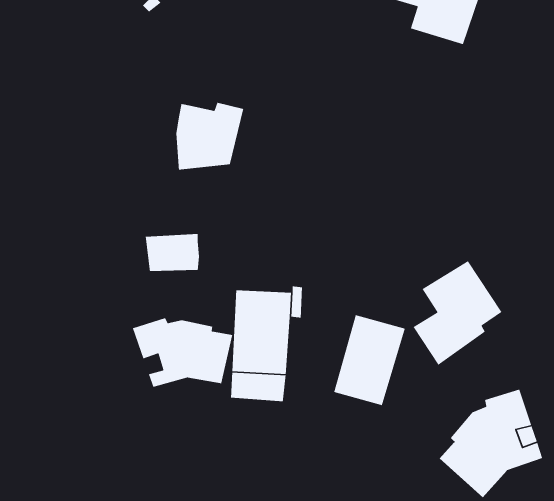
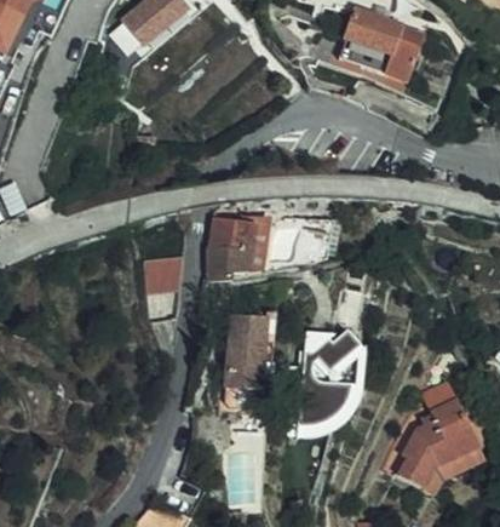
building: [175,102,244,170] -> [207,213,268,274]
building: [412,260,503,366] -> none
building: [132,317,233,388] -> none

